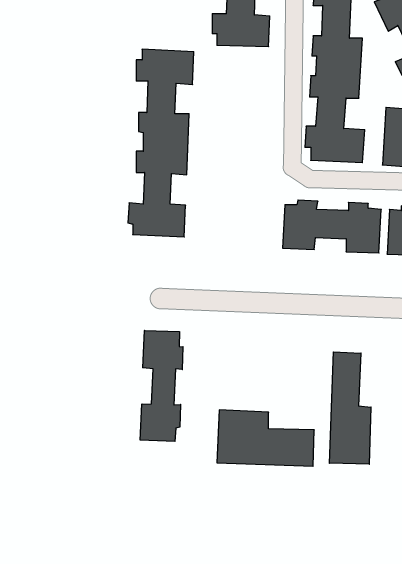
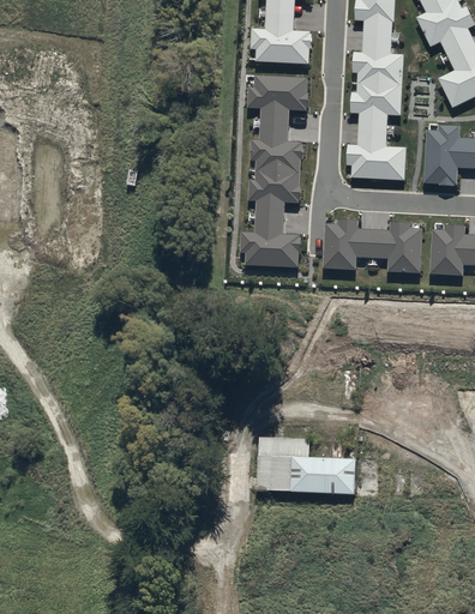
building: [128,49,194,237] -> [240,77,307,269]
building: [140,330,183,441] -> none
building: [329,352,371,464] -> none

